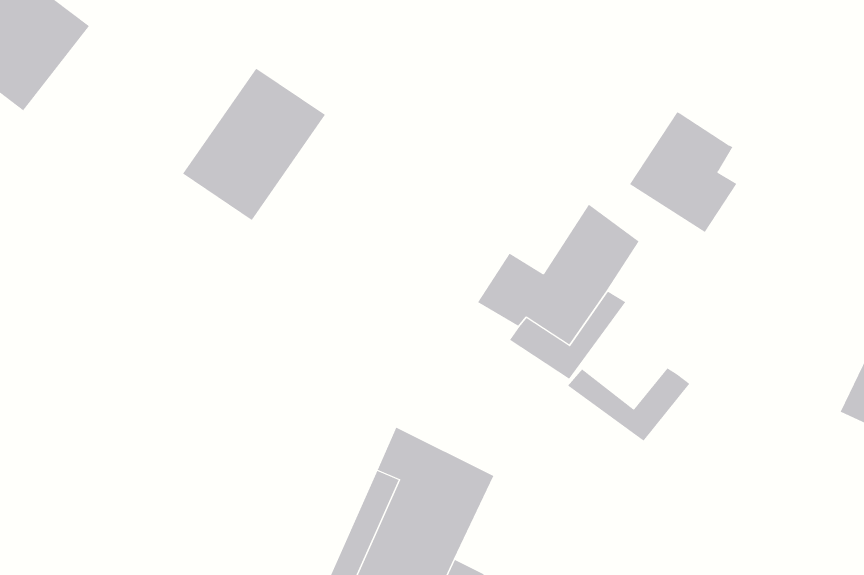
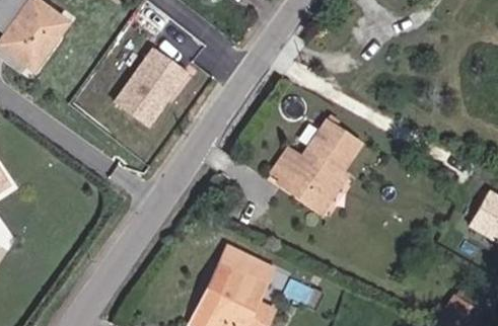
building: [629,112,737,233] -> none
building: [567,367,690,441] -> none

